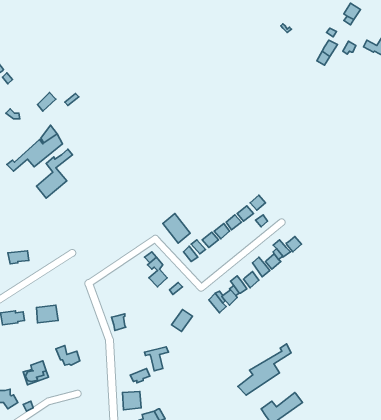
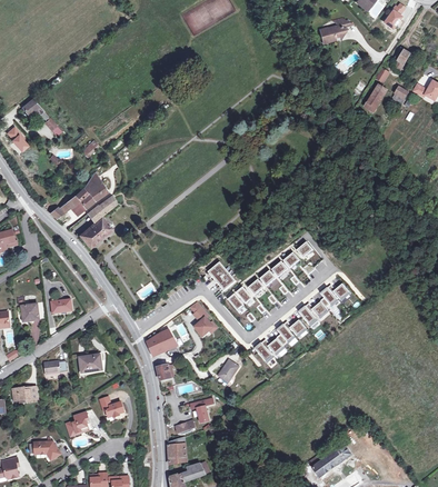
building: none -> [146,329,177,356]
building: [238,344,291,395] -> none

